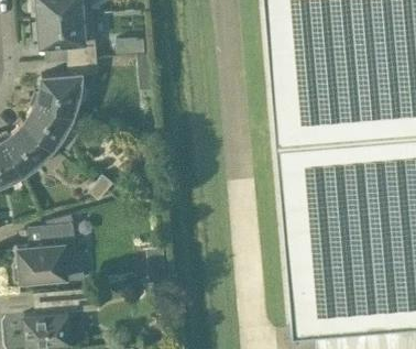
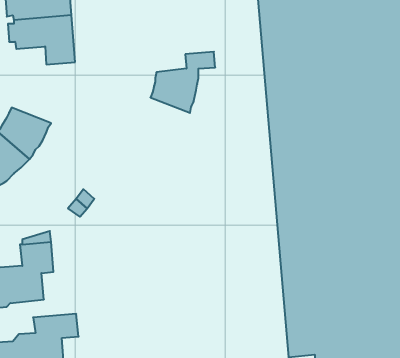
building: [37,61,97,117] -> [150,52,215,113]

